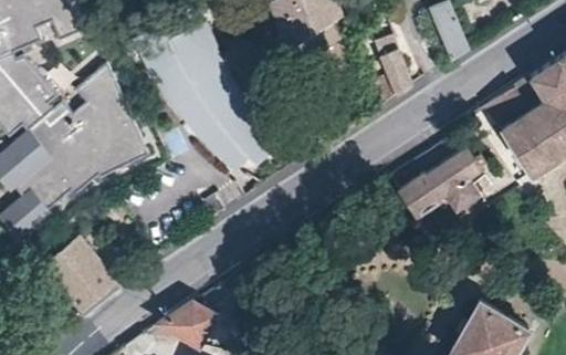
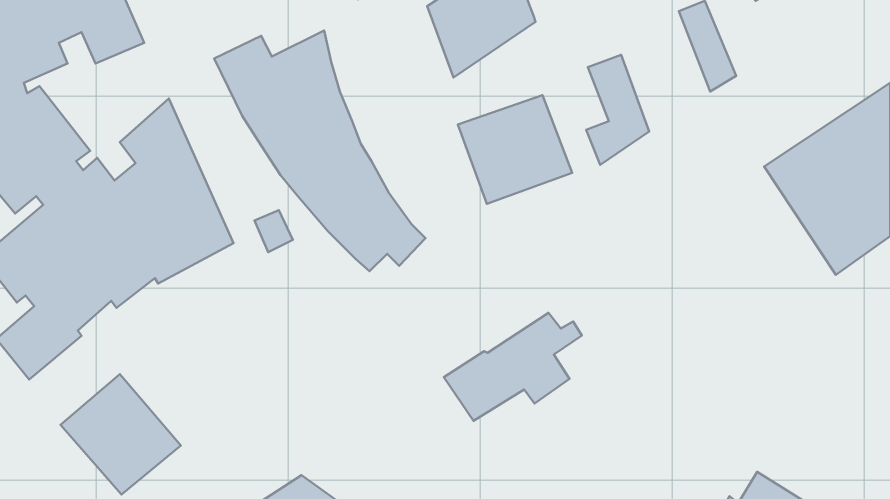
building: none -> [458,95,572,204]
building: [398,152,485,220] -> [444,313,582,421]

